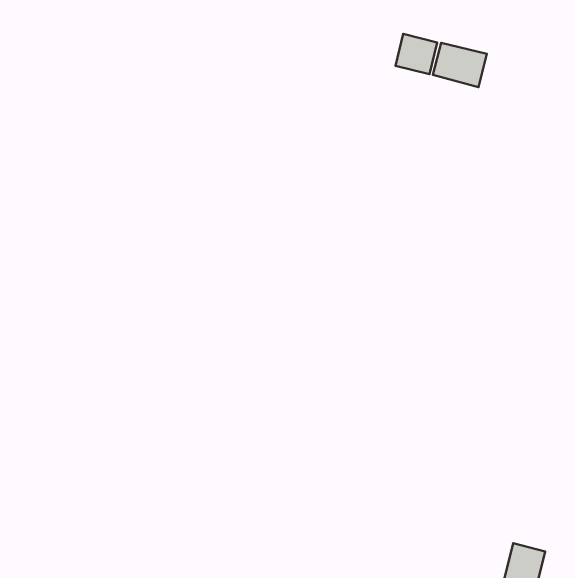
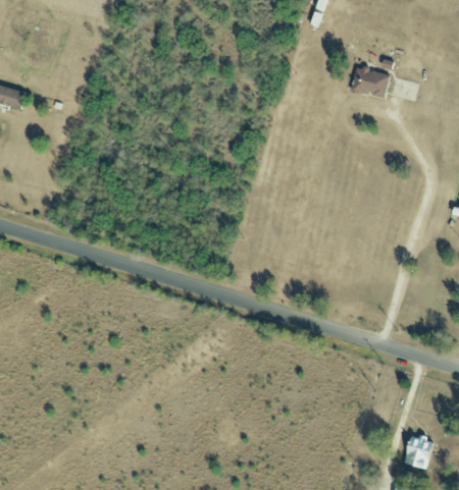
building: [396,34,437,74] -> none

